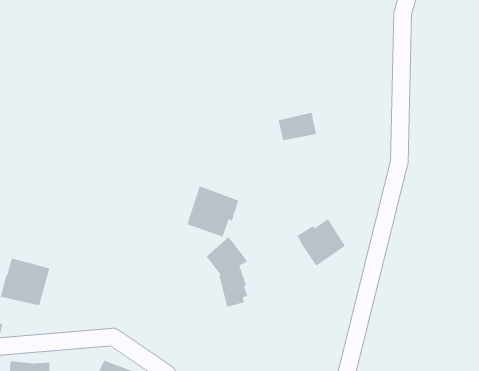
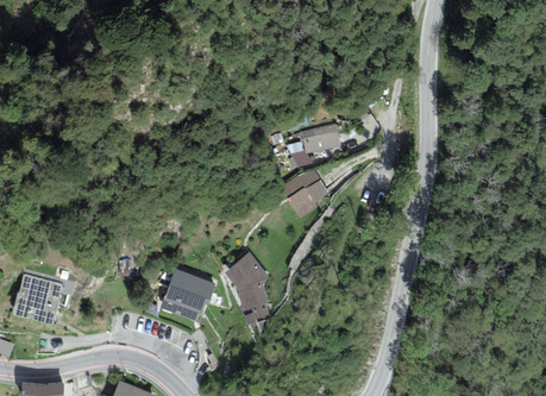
building: [187,185,239,237] -> [161,268,215,321]
building: [297,218,346,267] -> [280,168,331,218]

